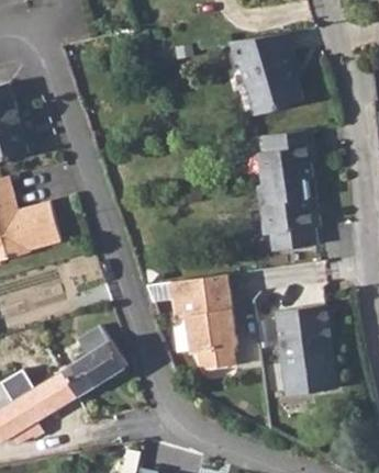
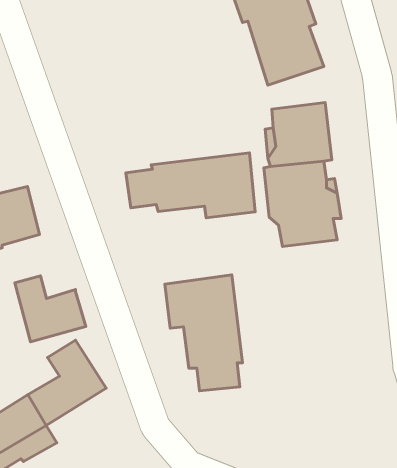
building: none -> [126,153,255,218]
building: none -> [15,276,86,342]
building: [279,303,338,394] -> none

